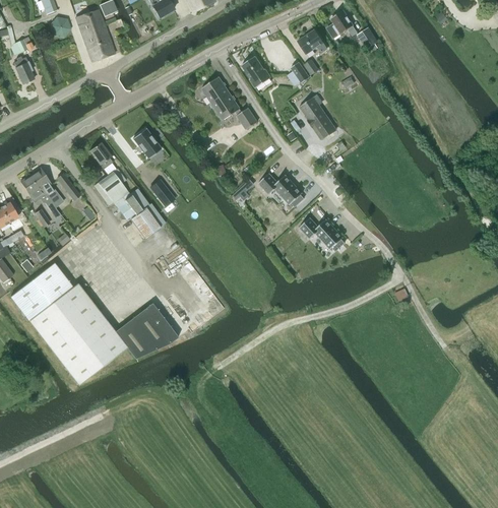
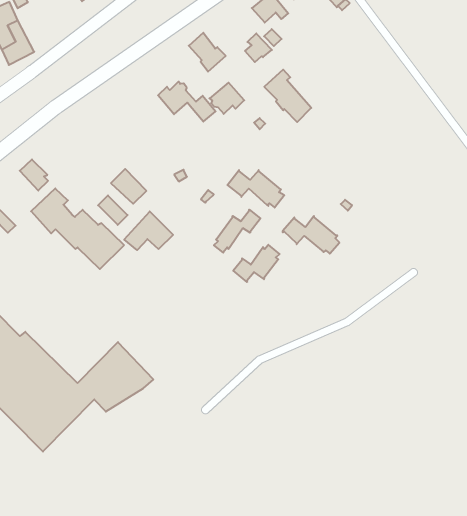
building: [201,77,230,103] -> [209,83,244,114]
building: [132,128,161,157] -> [111,169,146,204]
building: none -> [124,211,173,250]
building: none -> [214,210,260,253]
building: none -> [233,245,280,282]

